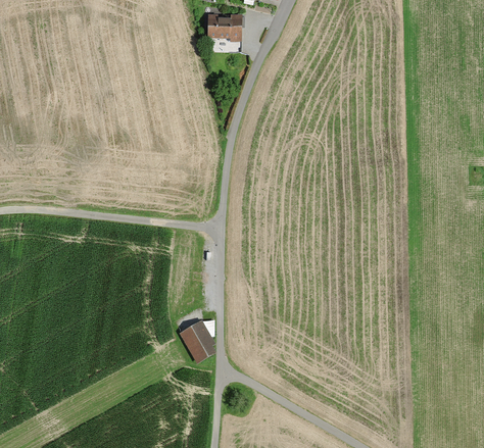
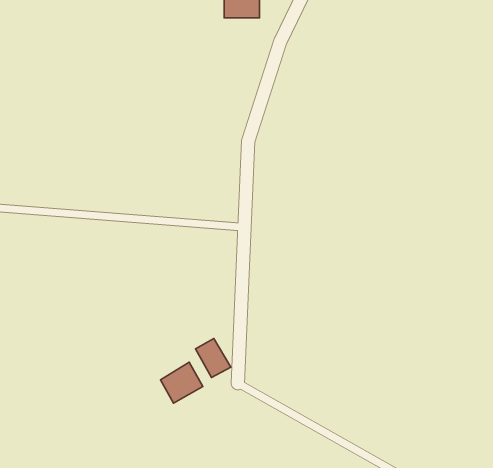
building: none -> [160,362,203,403]

